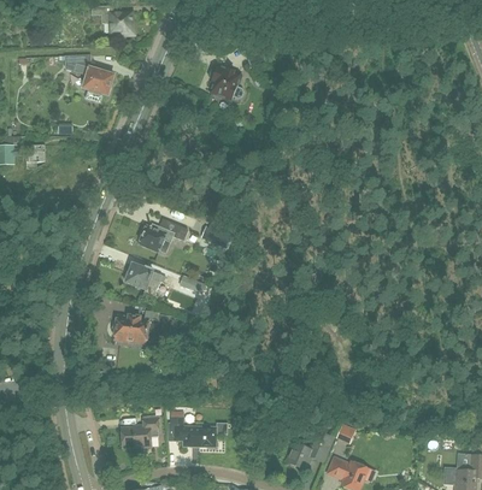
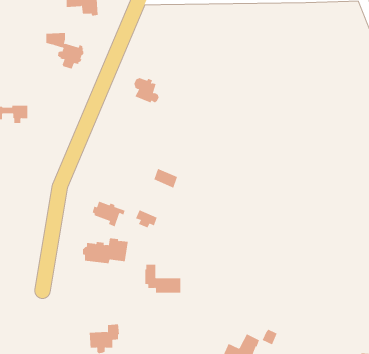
building: [210,66,242,99] -> [133,77,160,103]
building: [137,223,187,252] -> none
building: [169,409,214,445] -> [144,264,181,293]

